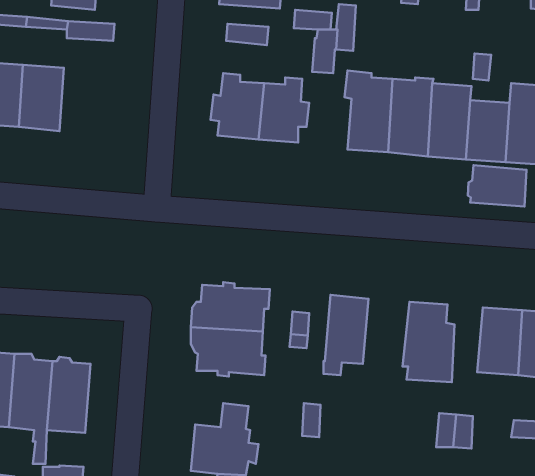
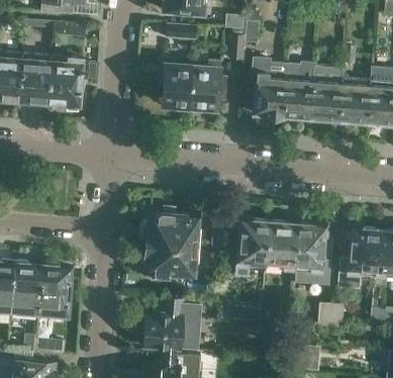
building: none -> [50,57,85,106]
building: [468,165,527,206] -> none
building: none -> [267,222,300,271]

